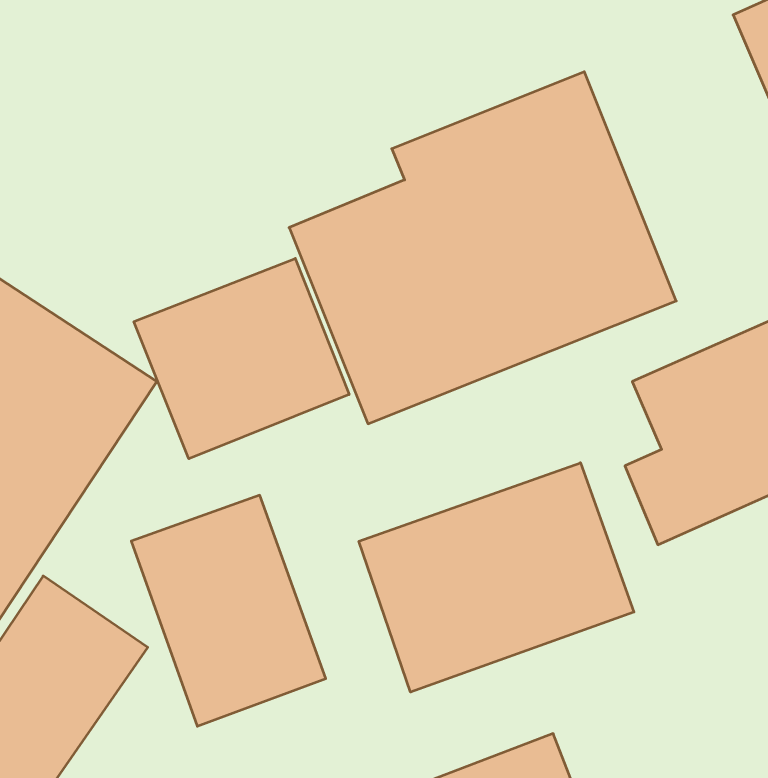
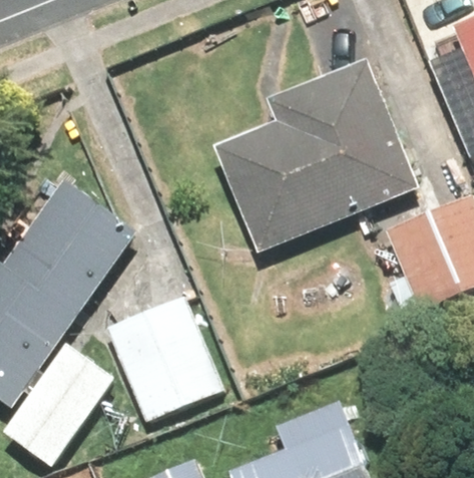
building: [134,258,349,459] -> none
building: [359,463,634,692] -> none

